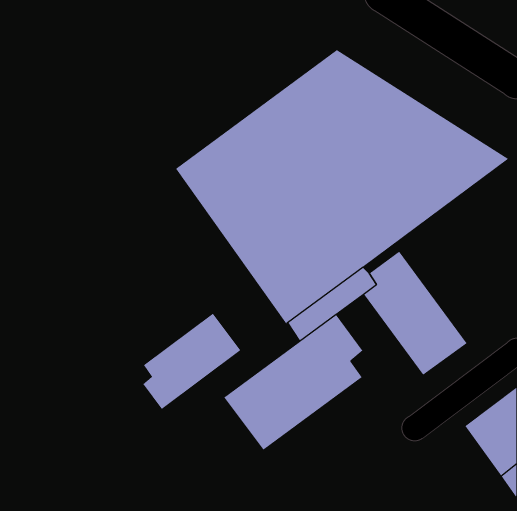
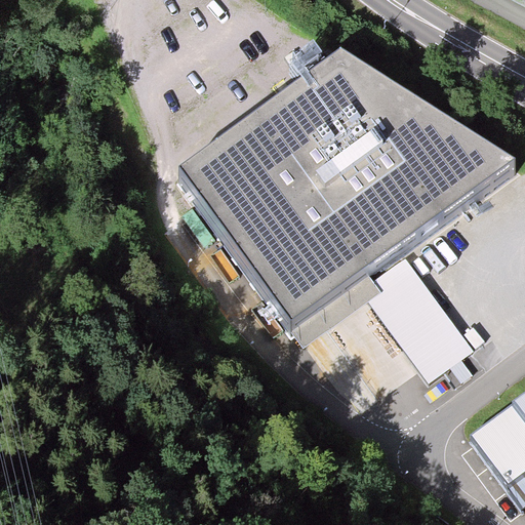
building: [143,313,241,410] -> none
building: [224,314,363,450] -> none

